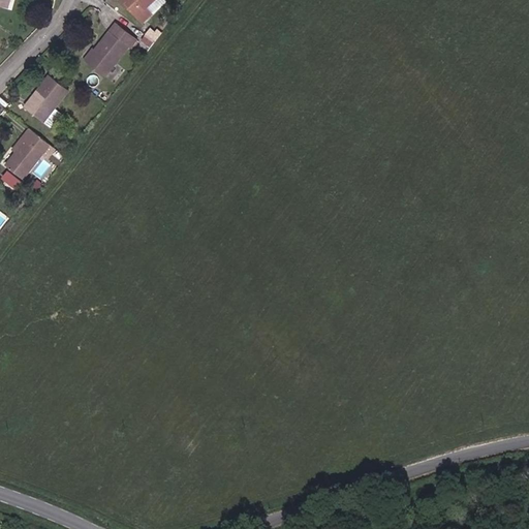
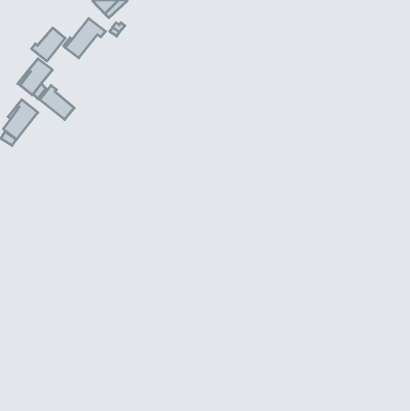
building: none -> [32,28,65,61]
building: none -> [40,85,74,120]

